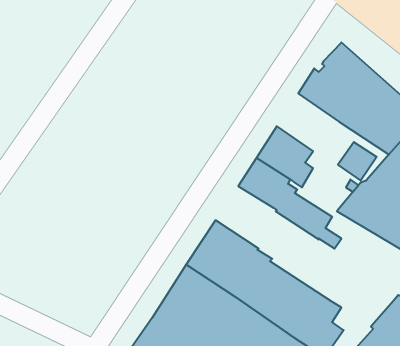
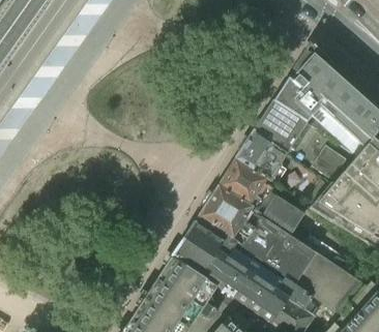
building: none -> [256,99,313,152]
building: none -> [200,184,362,311]

